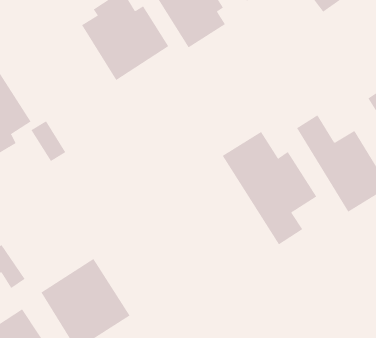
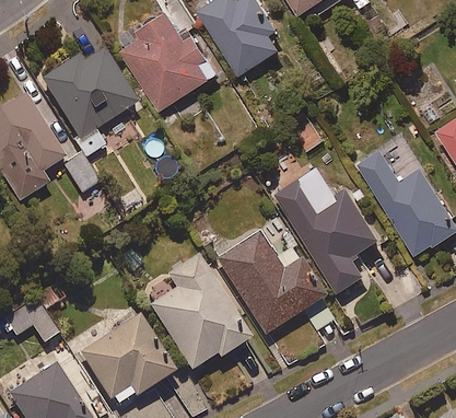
building: none -> [42,48,138,153]
building: none -> [215,229,325,335]
building: none -> [150,255,252,370]

